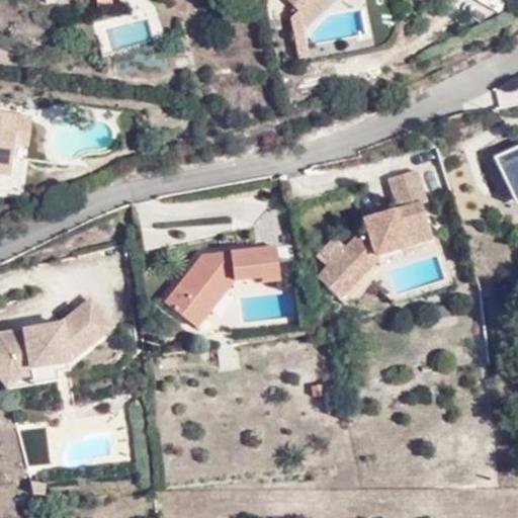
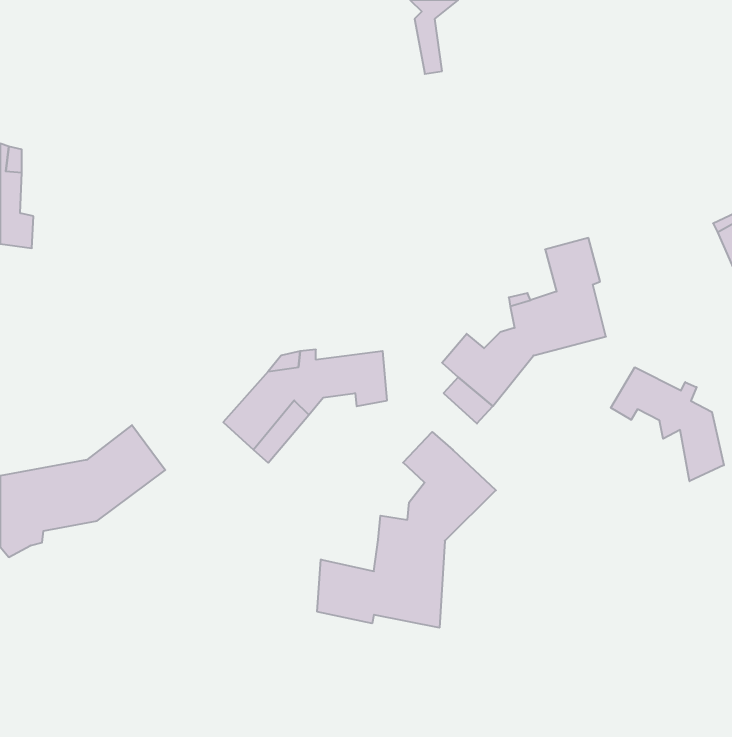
building: none -> [611,367,724,481]
building: none -> [317,432,496,628]

